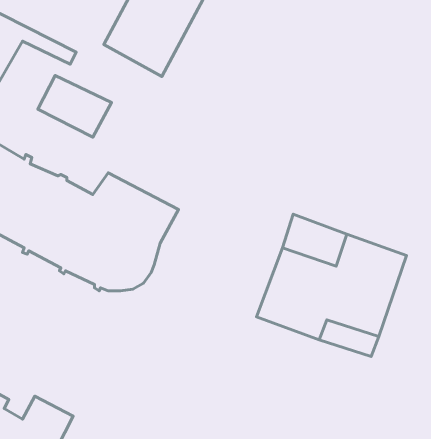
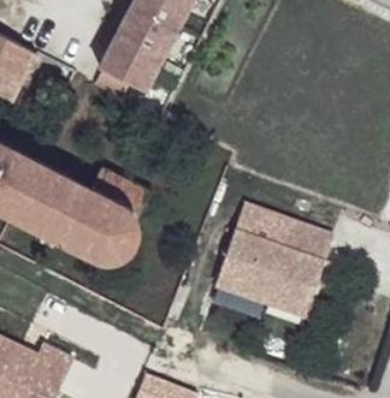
building: [38,76,111,137] -> none

